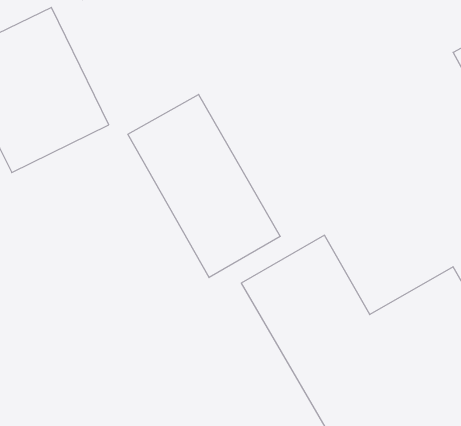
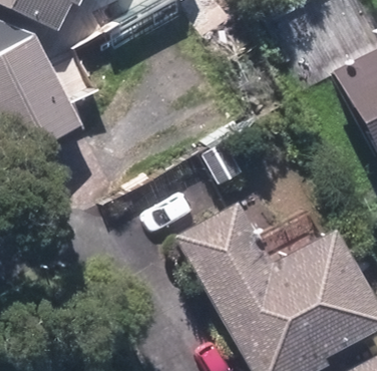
building: [128,94,280,278] -> none

